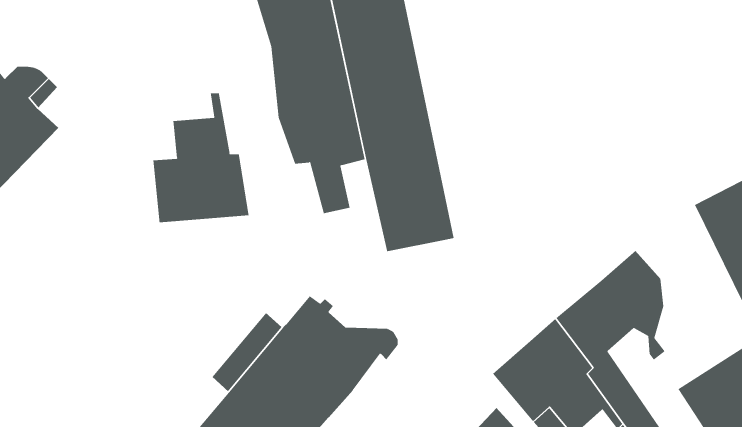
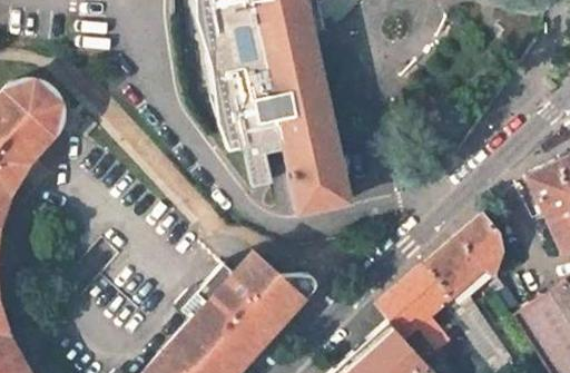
building: [153,92,249,223] -> none

